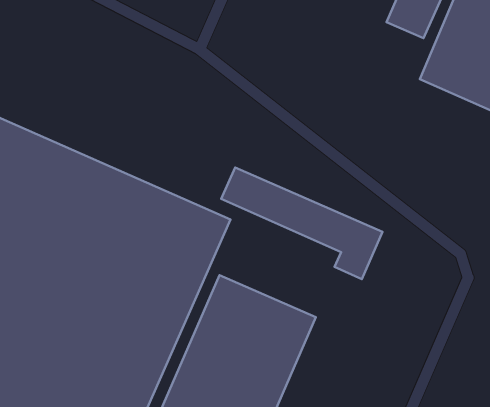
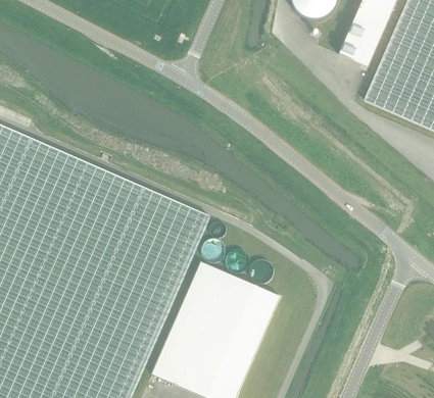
building: [221,168,382,279] -> none

